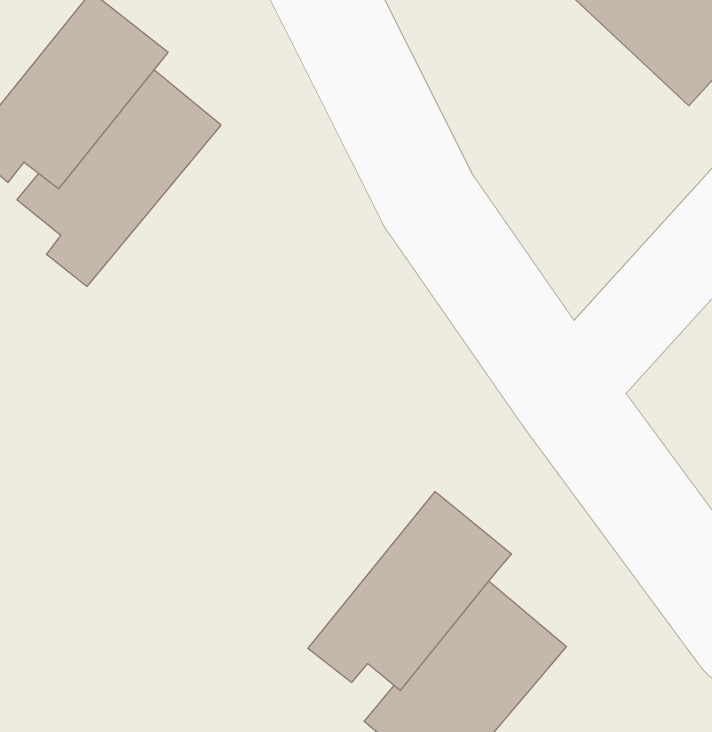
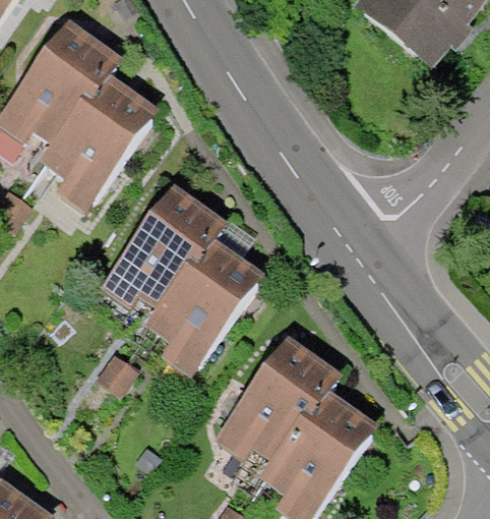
building: none -> [98,185,219,308]
building: none -> [148,241,271,386]

